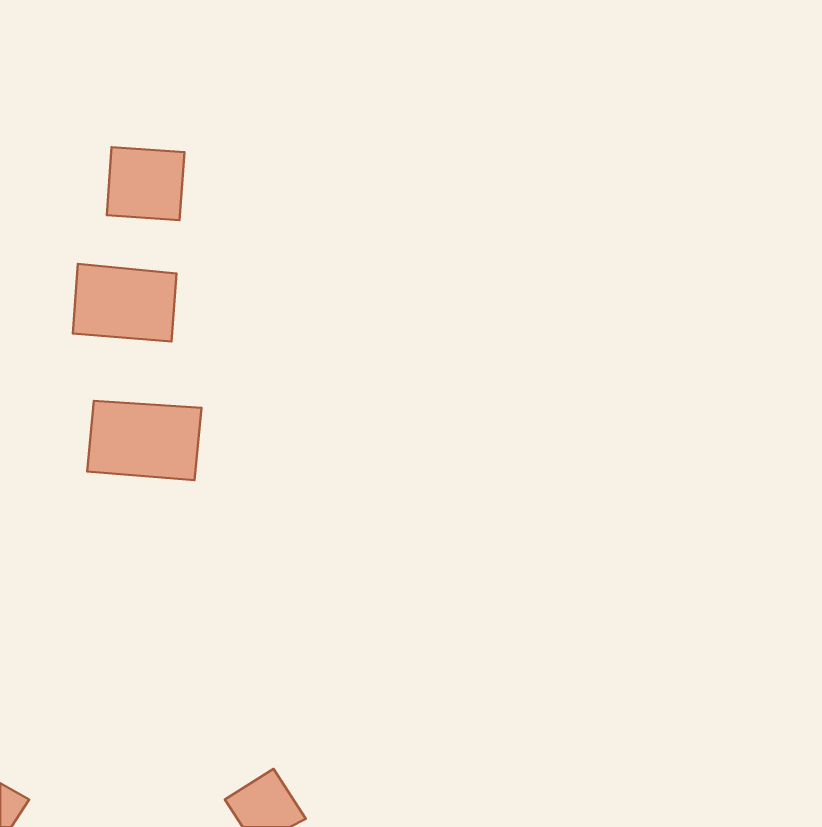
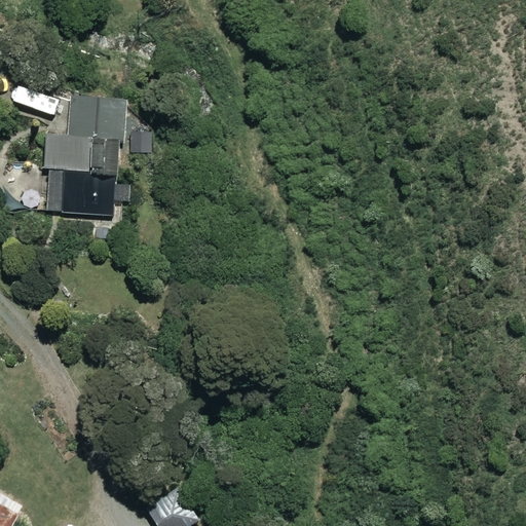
building: none -> [44,136,117,174]
building: [87,401,201,480] -> none

